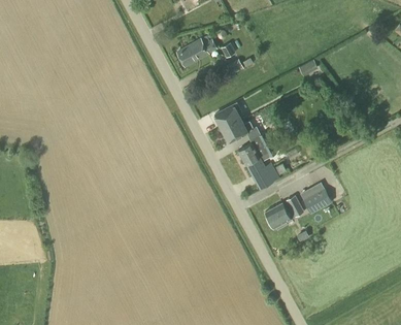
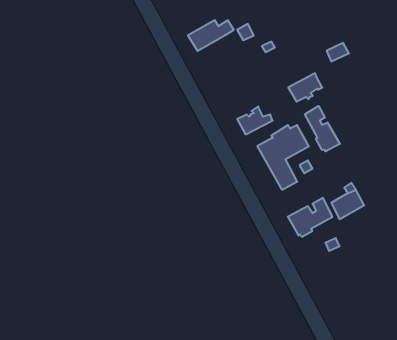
building: [213,102,243,127] -> [288,73,322,102]
building: none -> [305,106,340,151]

